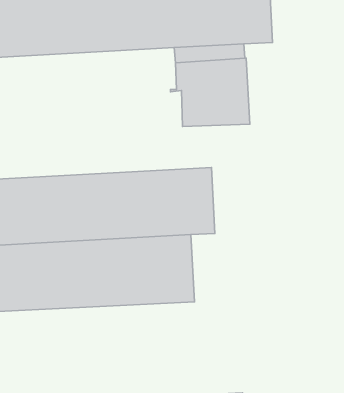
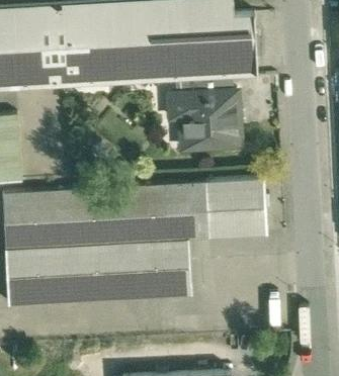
building: none -> [205,177,267,236]

